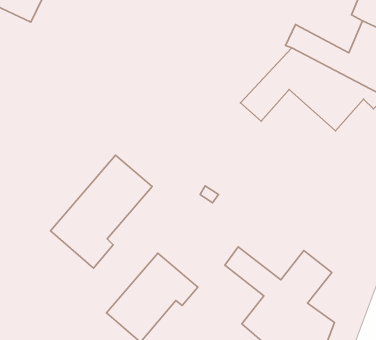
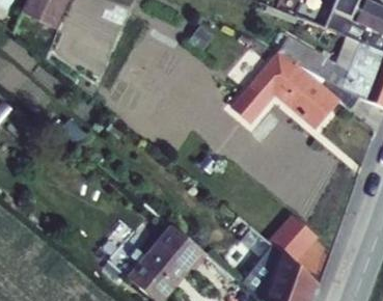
building: [51,155,152,268] -> none

